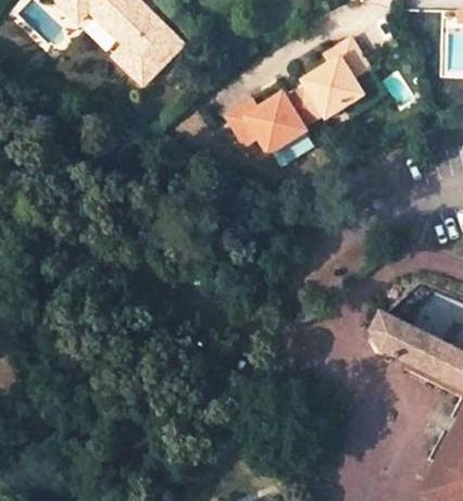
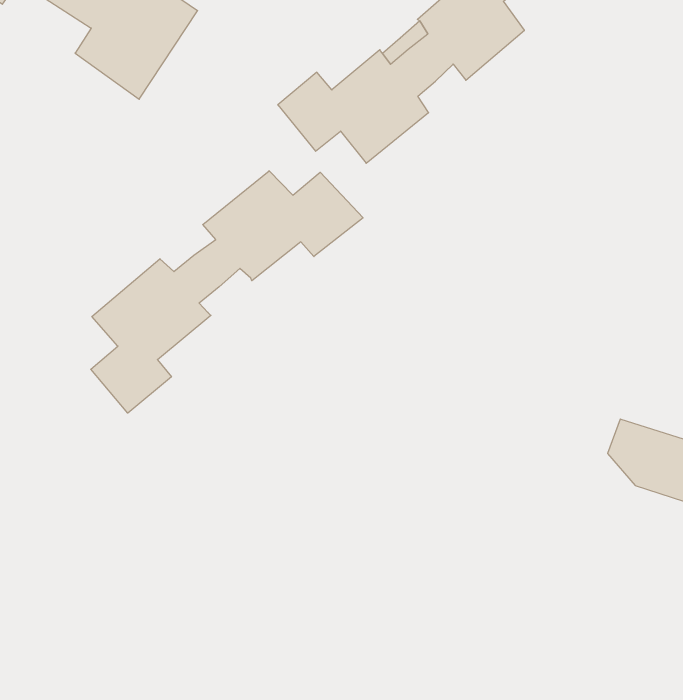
building: none -> [91,171,363,413]

